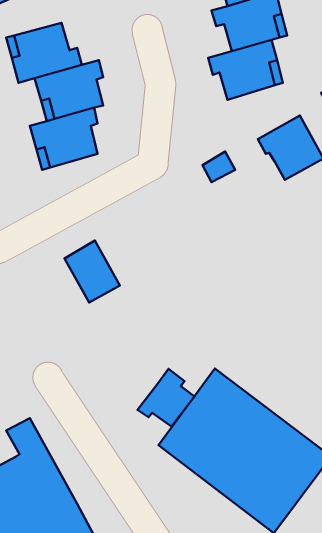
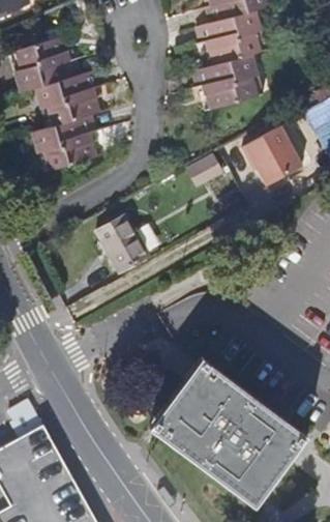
building: [64,240,120,303] -> [99,218,150,274]
building: [138,369,194,427] -> none

